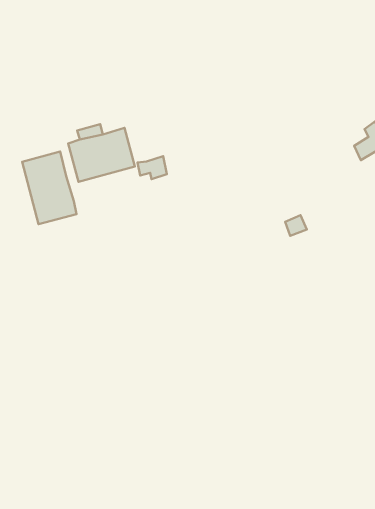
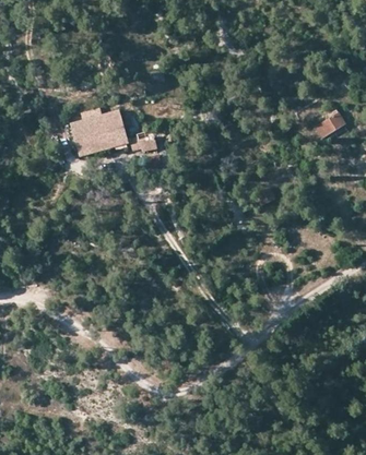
building: [22,152,76,224] -> none

